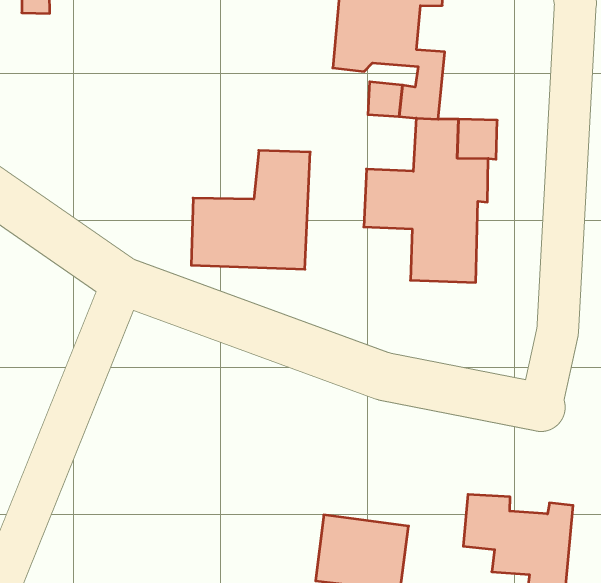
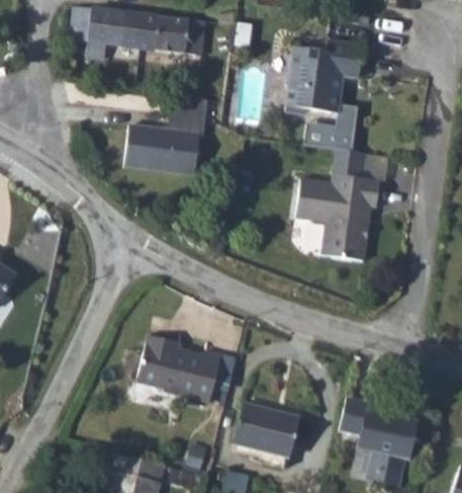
building: [191,150,310,269] -> [126,95,210,175]
building: none -> [144,343,241,408]

